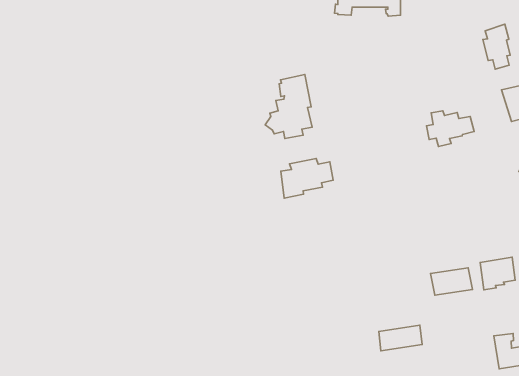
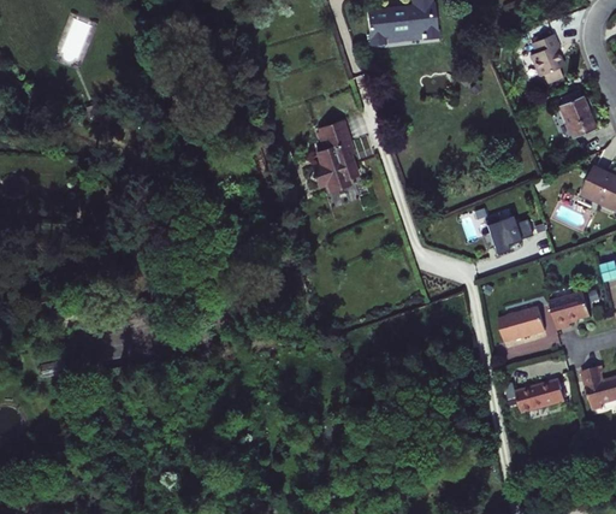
building: [426,111,474,146] -> [486,214,538,253]
building: [281,158,333,198] -> none
building: [379,325,422,351] -> [515,384,563,416]

